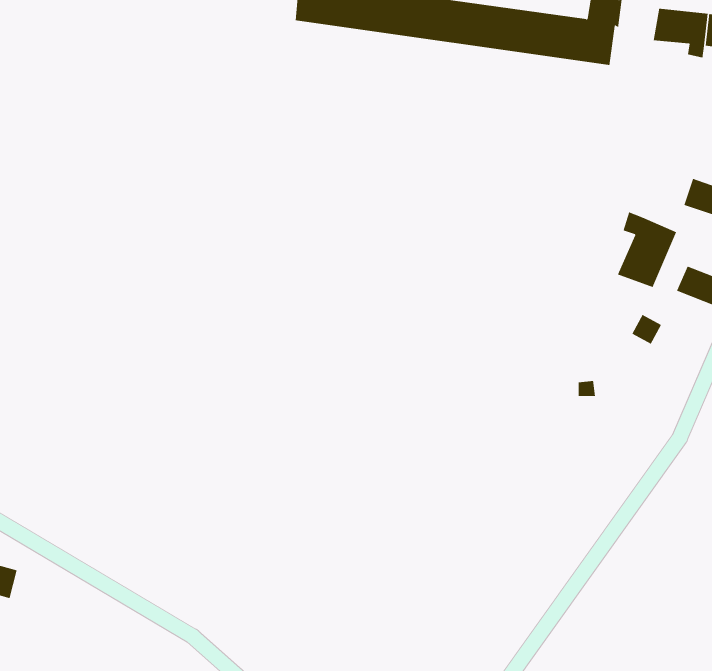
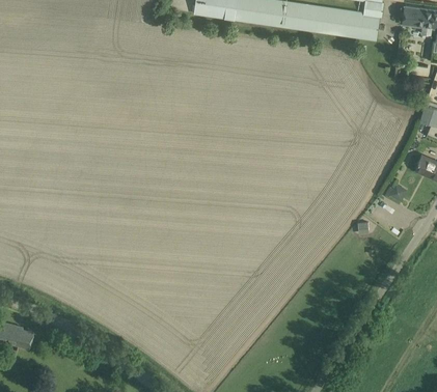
building: [617,212,677,288] -> none

